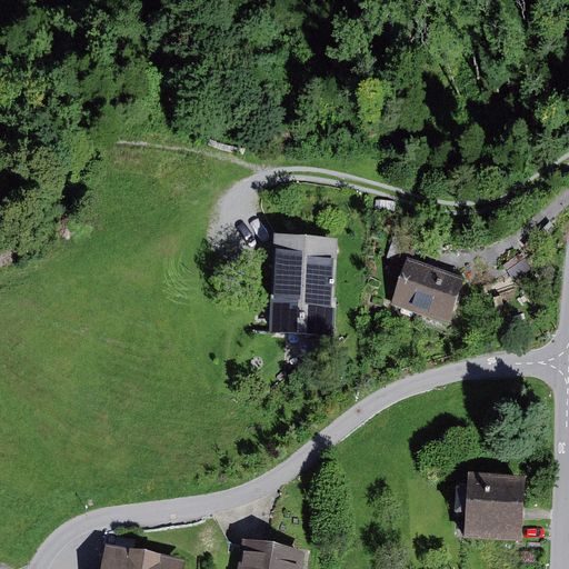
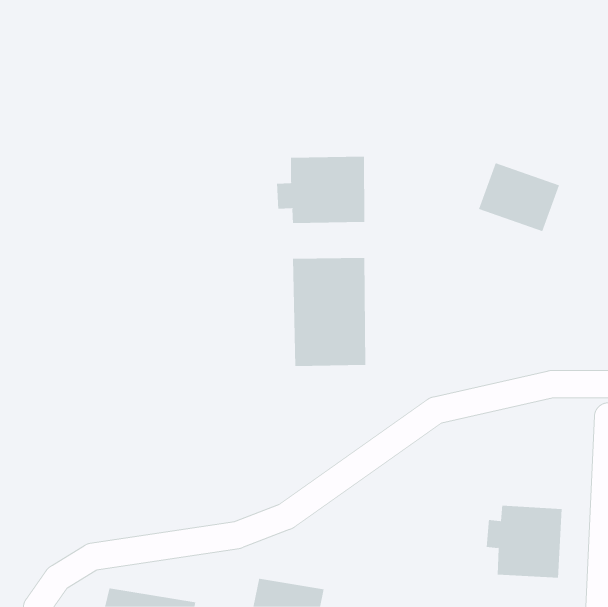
building: none -> [276,156,365,224]
building: [393,262,469,327] -> [478,162,560,232]

